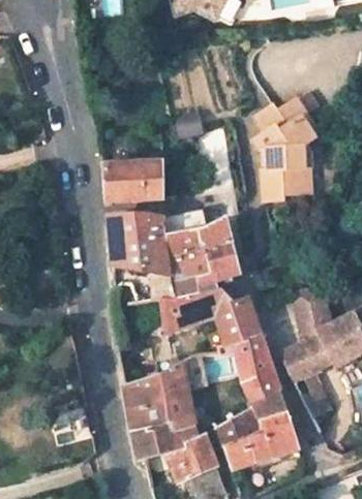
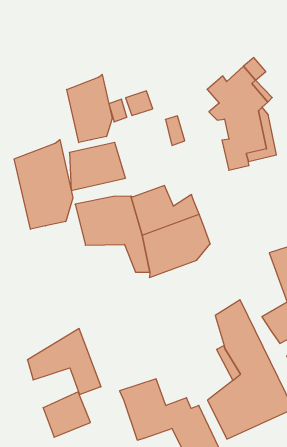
building: none -> [67,74,112,143]
building: none -> [14,140,73,229]
building: [163,288,261,348] -> none
building: [125,364,195,430] -> [27,329,101,395]

